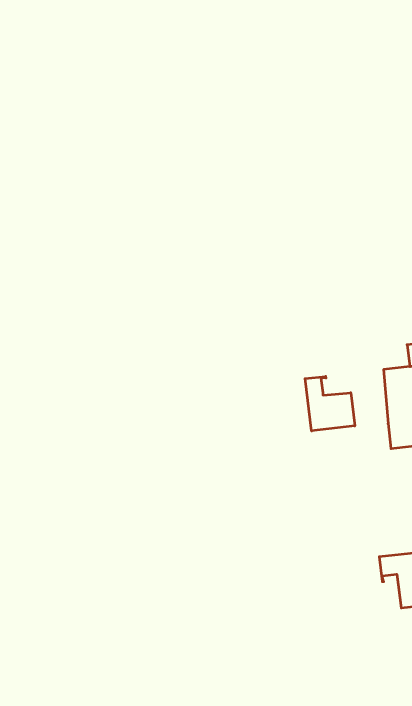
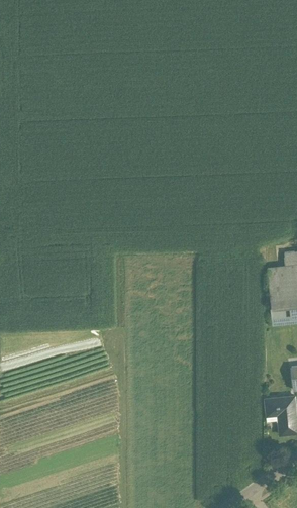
building: [305,376,355,431] -> none

